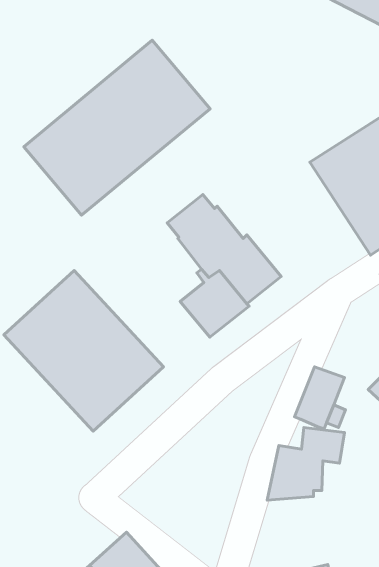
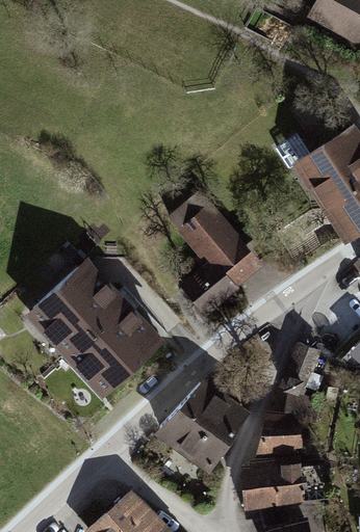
building: [24,40,210,215] -> none
building: none -> [155,379,252,475]
building: none -> [241,456,304,509]

